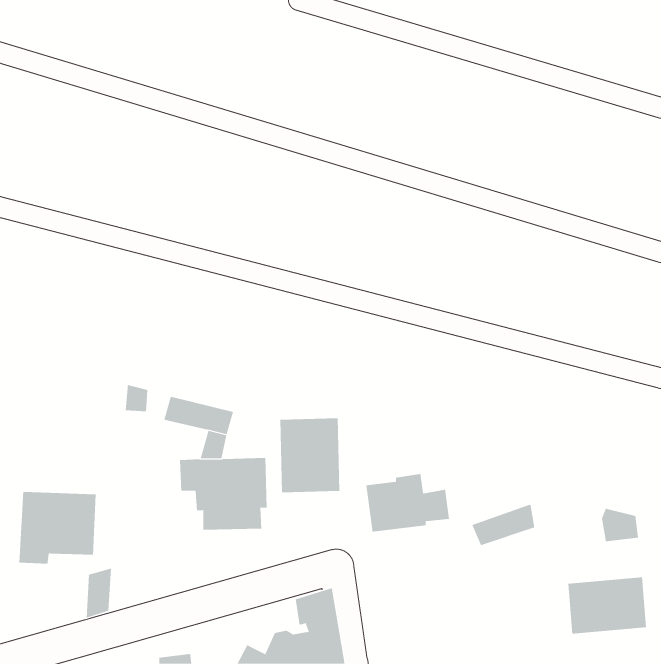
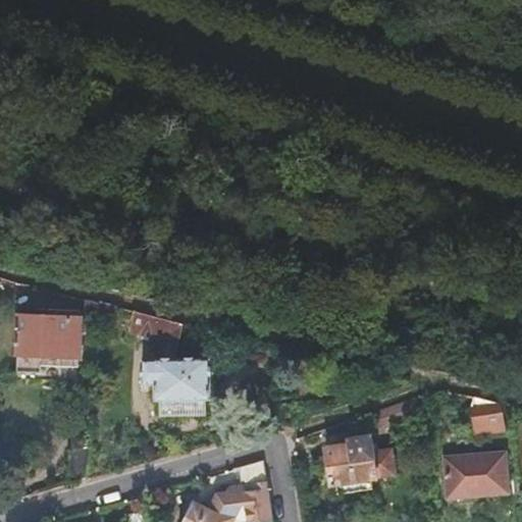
building: [280,418,340,493] -> none
building: [365,474,450,532] -> [324,437,390,483]
building: [18,491,96,564] -> [17,315,79,372]

